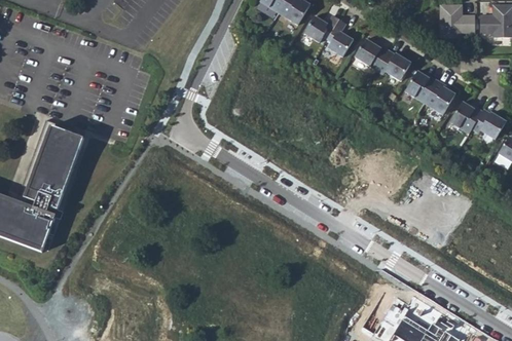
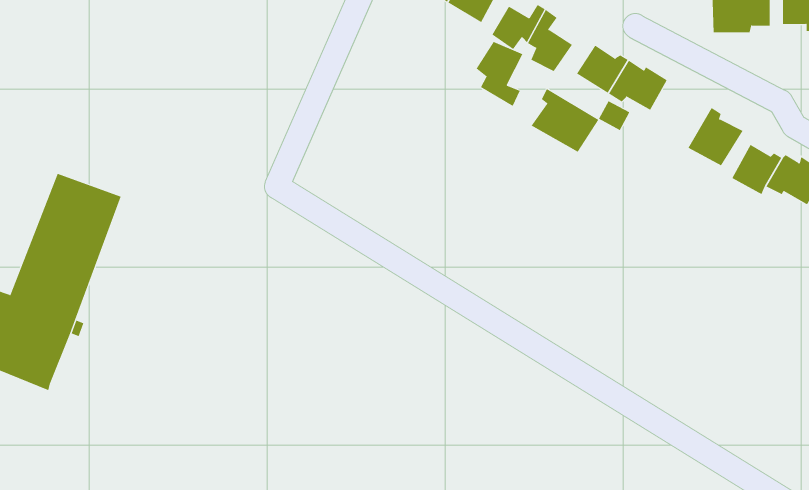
building: none -> [476,41,523,107]
building: none -> [531,88,599,153]
building: [405,70,439,104] -> none

